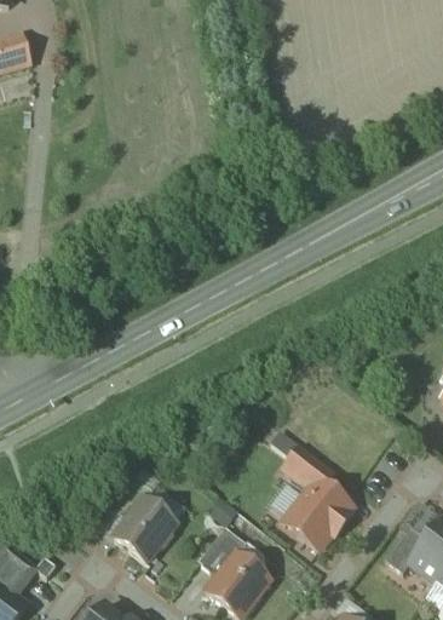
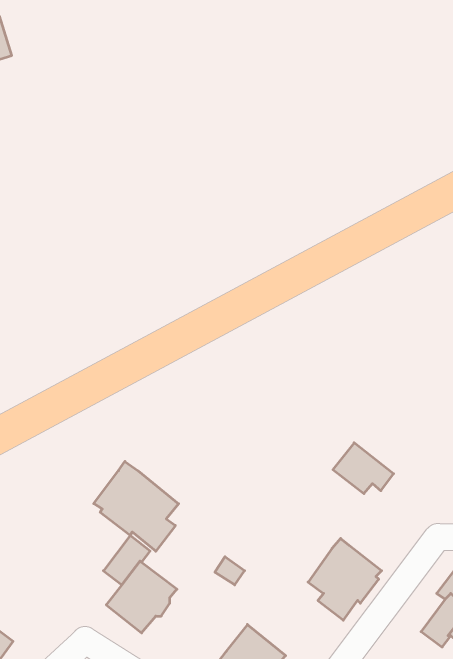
building: none -> [94,461,179,551]
building: [282,444,334,488] -> [333,443,394,494]
building: [199,527,246,576] -> none

